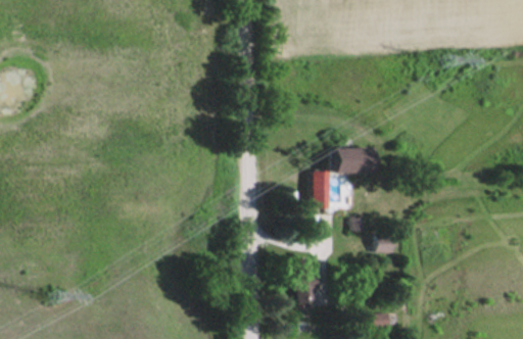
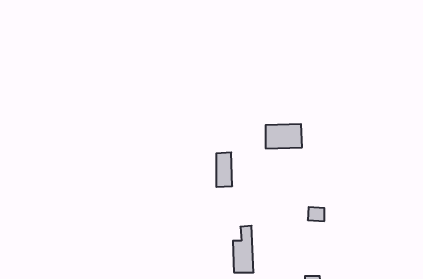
building: [314,171,331,208] -> [216,152,232,187]

